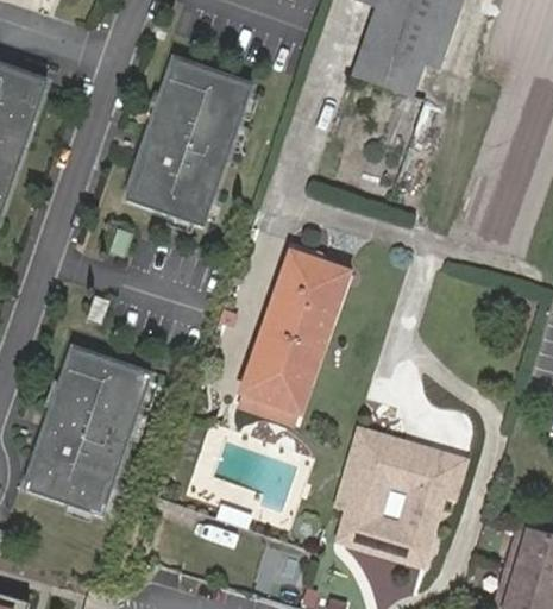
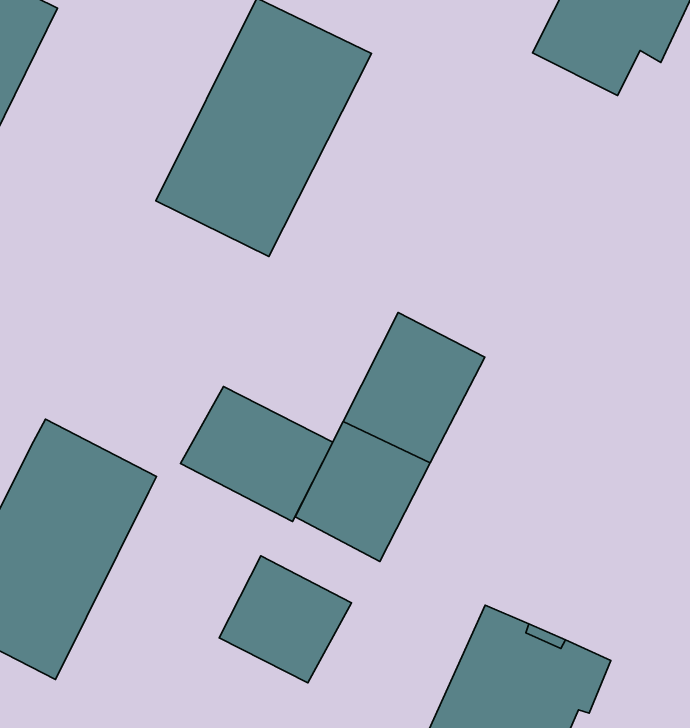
building: none -> [181,387,333,521]
building: none -> [219,556,351,683]

